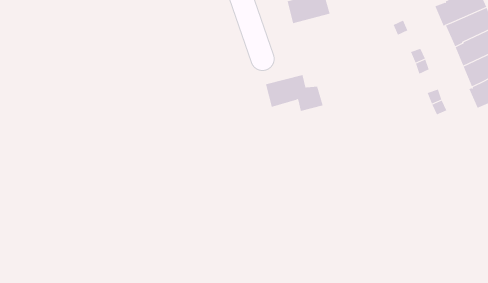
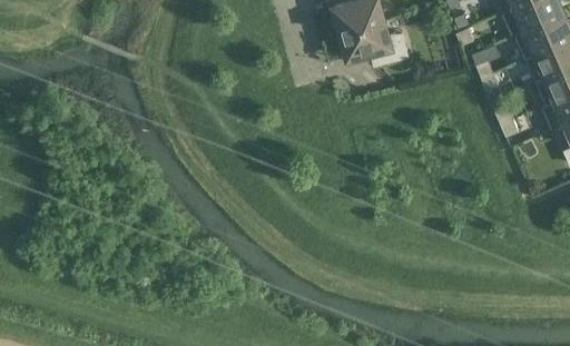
building: [265,74,324,111] -> [340,20,406,62]

